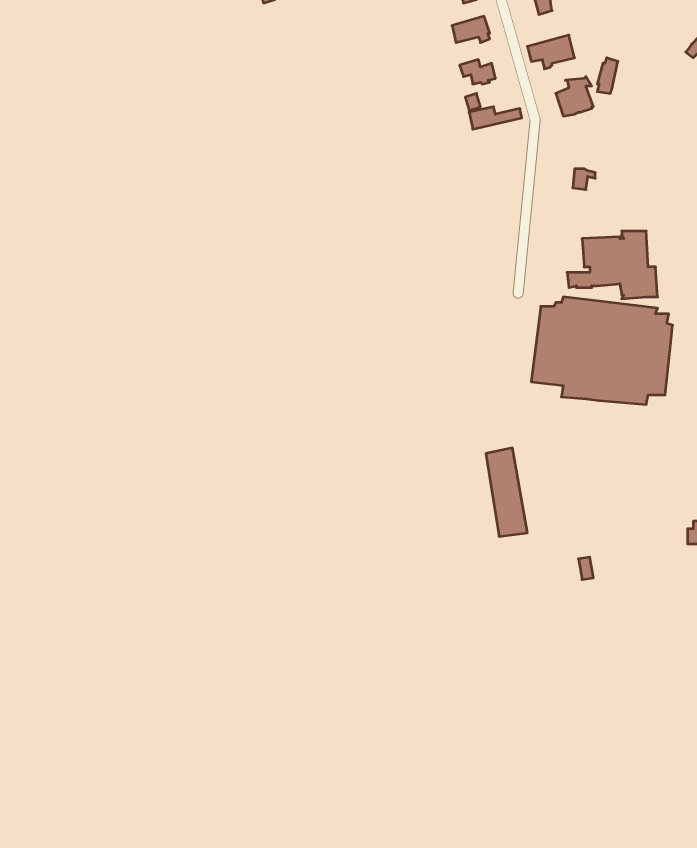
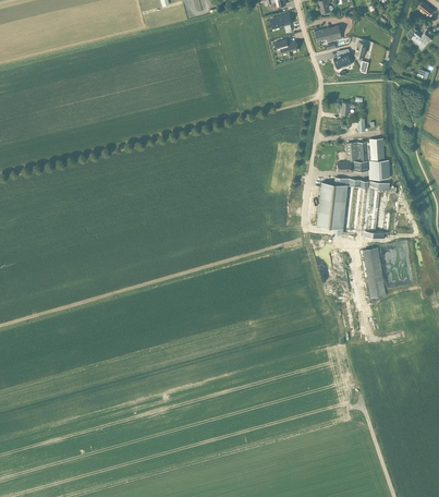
building: [486,448,527,536] -> [362,246,386,298]

